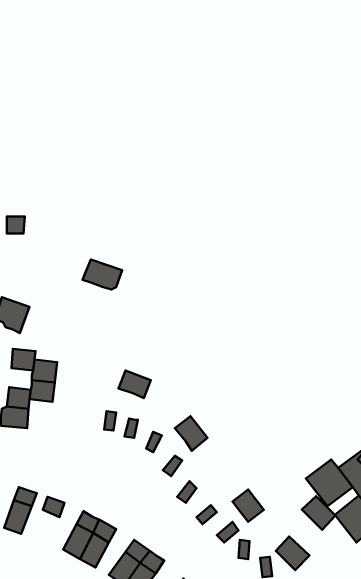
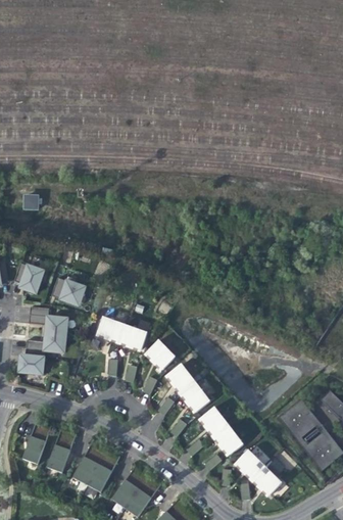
building: [83,259,122,289] -> [51,278,85,303]
building: none -> [98,317,126,340]
building: none -> [147,340,175,369]
building: none -> [182,382,209,412]
building: none -> [201,407,230,436]
building: [302,496,335,530] -> [236,450,264,478]
building: none -> [47,443,69,472]

